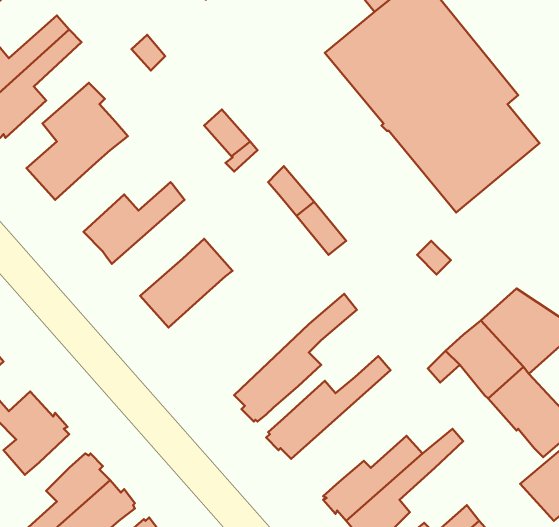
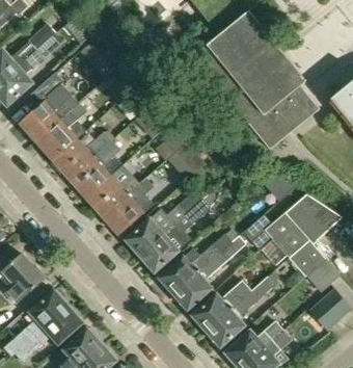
building: none -> [35,102,87,160]
building: none -> [69,141,119,198]
building: none -> [102,177,155,235]
building: none -> [126,187,205,256]
building: none -> [173,235,245,309]

